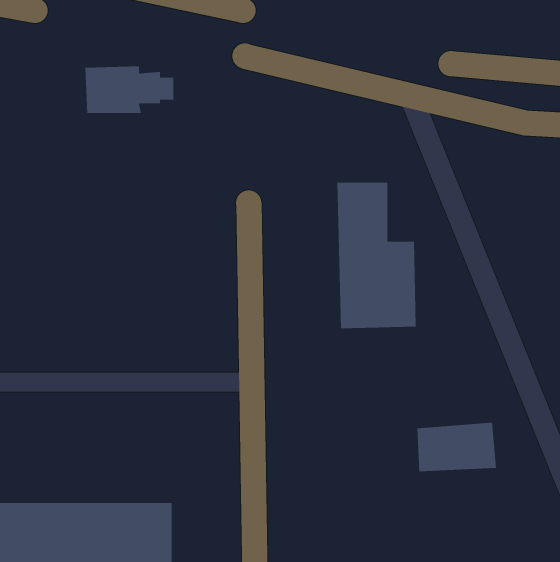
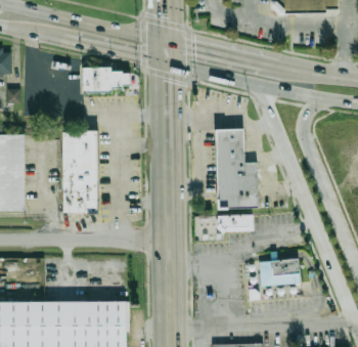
building: none -> [62,132,98,213]
building: none -> [215,214,252,231]

